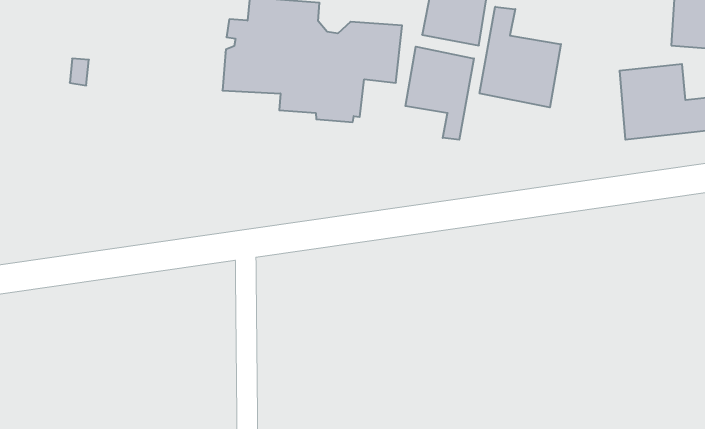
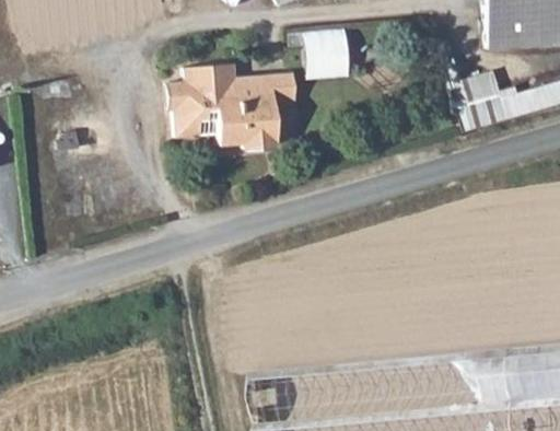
building: [480,7,561,107] -> none
building: [405,47,474,140] -> none

